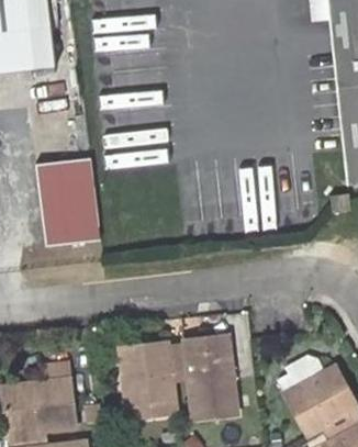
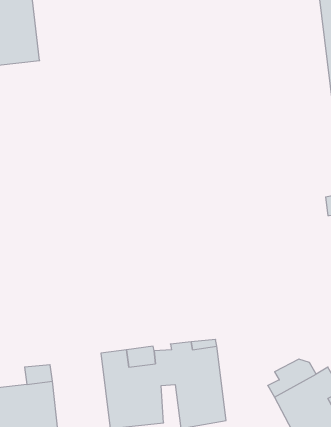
building: [32,161,98,248] -> none

